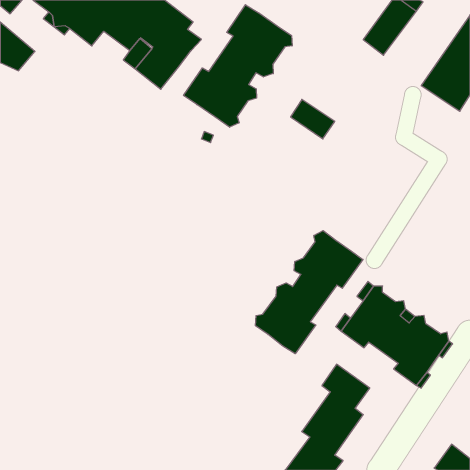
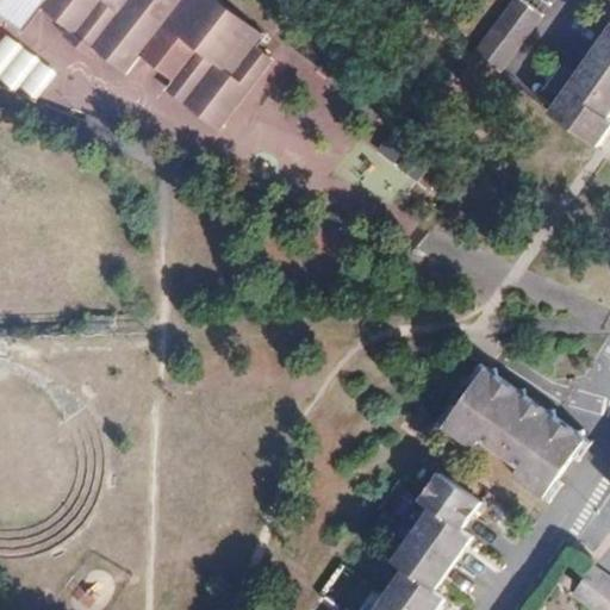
building: [184,5,292,127] -> none
building: [256,231,363,354] -> none

